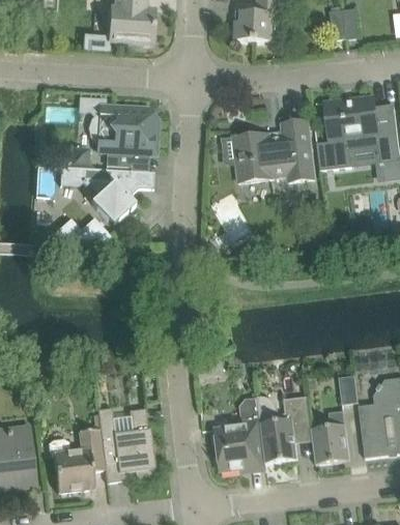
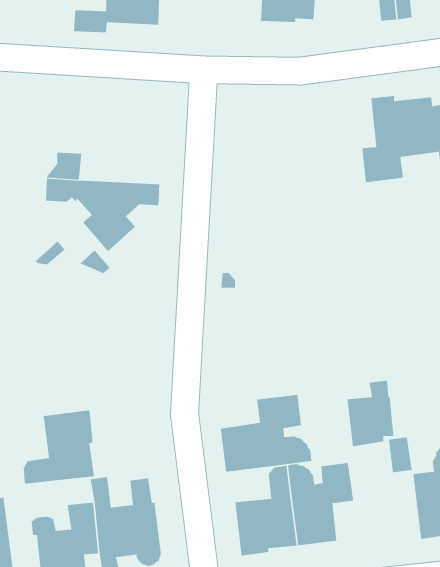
building: [88,106,158,167] -> none
building: [233,120,315,181] -> none
building: none -> [220,394,312,473]
building: none -> [23,410,94,485]
building: [311,410,349,464] -> [347,380,394,447]

